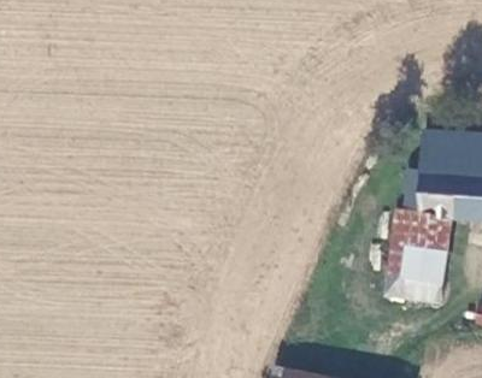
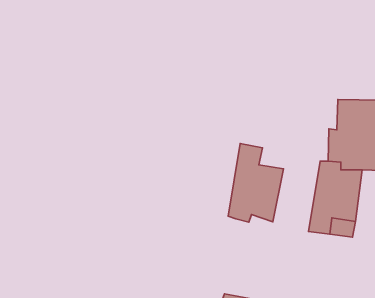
building: none -> [228,143,284,222]

